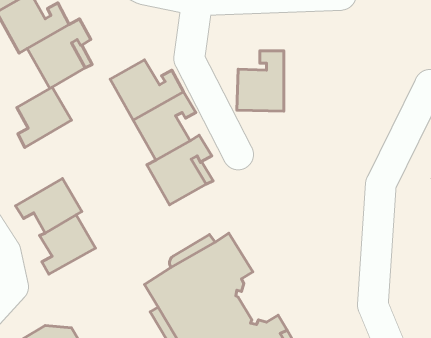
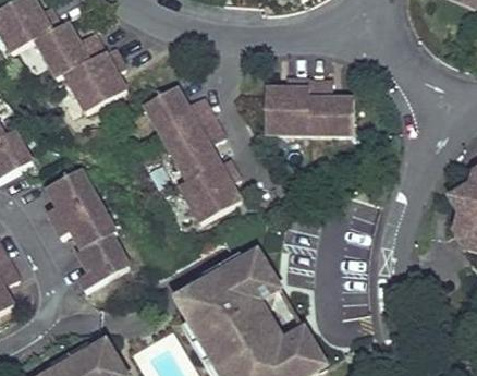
building: none -> [308,77,352,133]
building: [17,87,72,147] -> [45,166,97,223]

